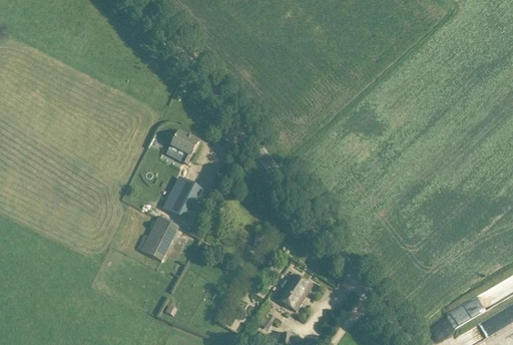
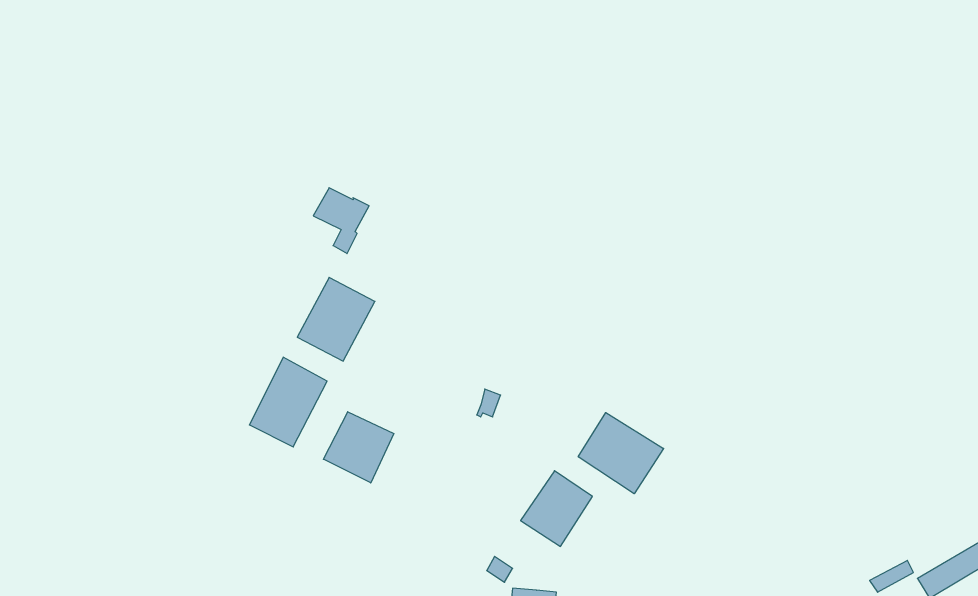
building: none -> [323,412,394,483]
building: none -> [578,413,664,494]

